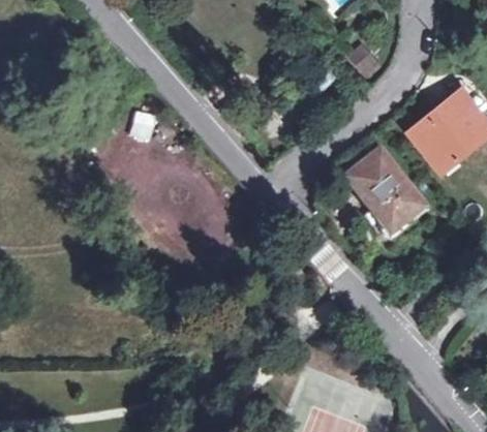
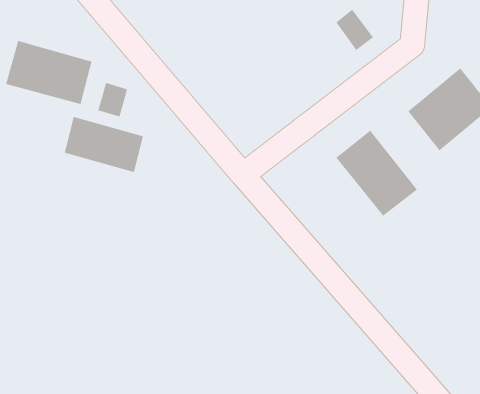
building: none -> [5,40,92,105]
building: none -> [64,116,144,173]

